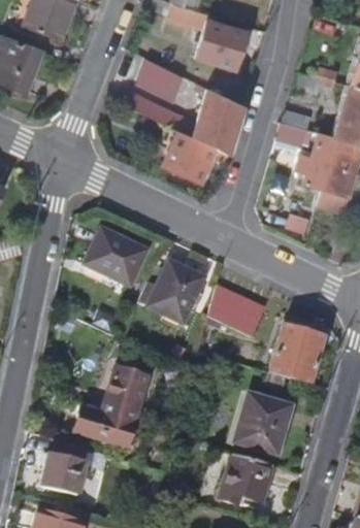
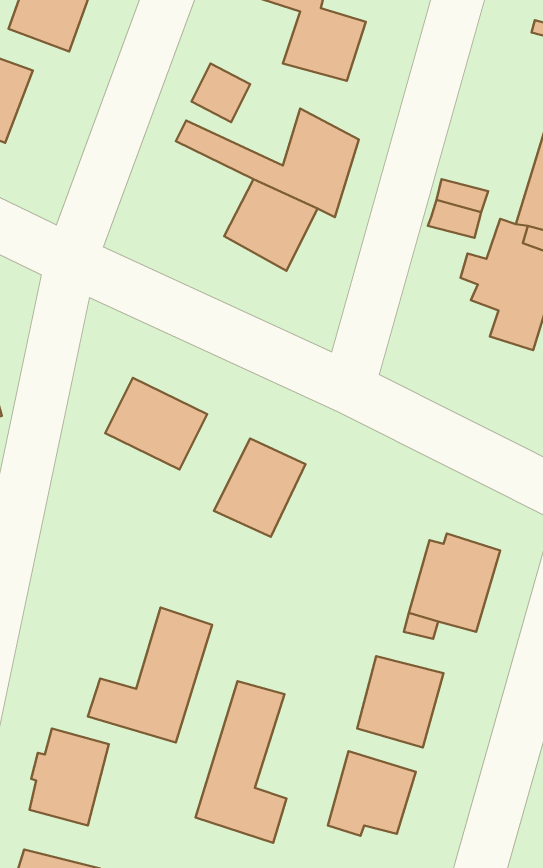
building: [208,285,261,337] -> none
building: none -> [196,681,286,843]

